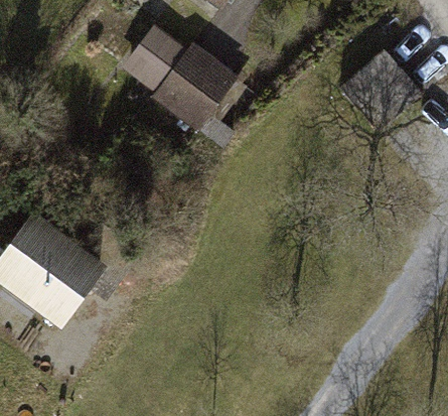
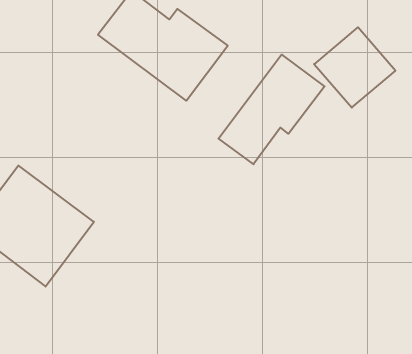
building: none -> [218,55,325,164]

